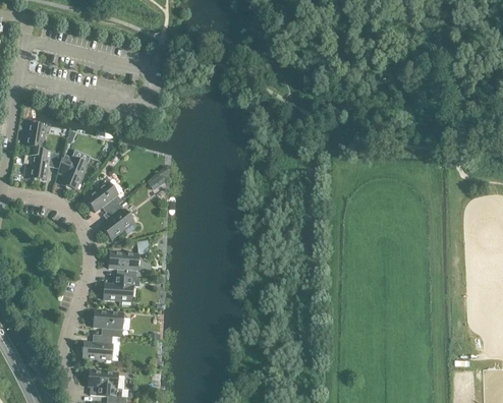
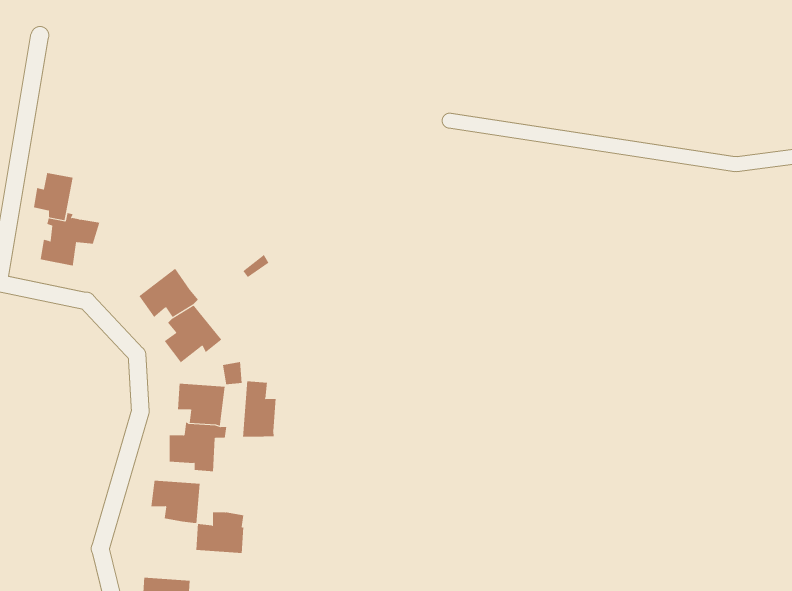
building: [57,154,87,189] -> none
building: none -> [243,380,276,438]
building: [82,334,112,359] -> [196,512,244,554]

